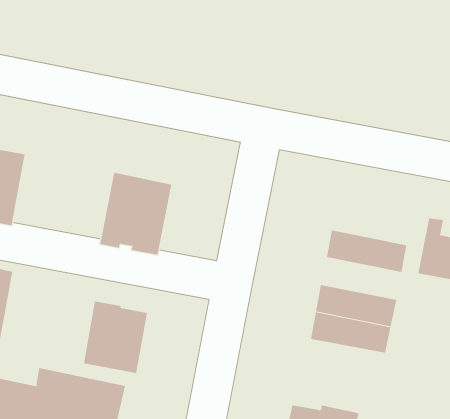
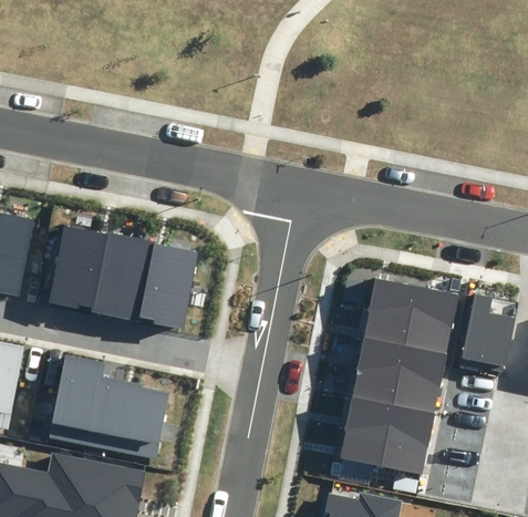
building: none -> [46,225,132,317]
building: none -> [370,272,459,318]
building: none -> [358,331,447,378]
building: none -> [50,356,111,447]
building: none -> [340,421,429,466]

